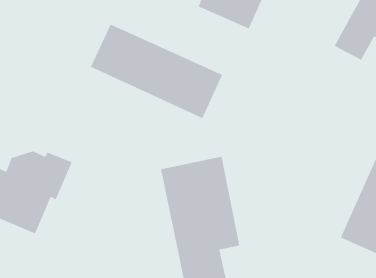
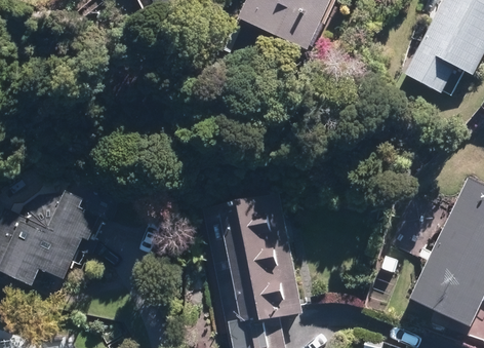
building: [90,24,223,119] -> none

